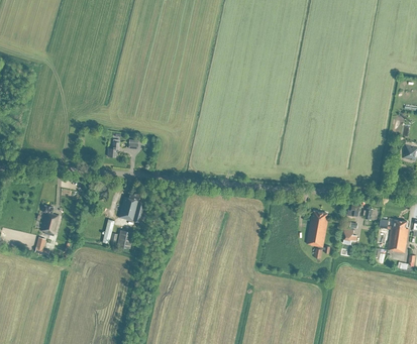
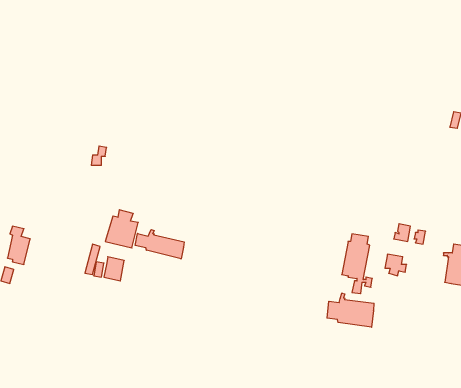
building: none -> [135,230,184,259]
building: none -> [327,293,374,327]

